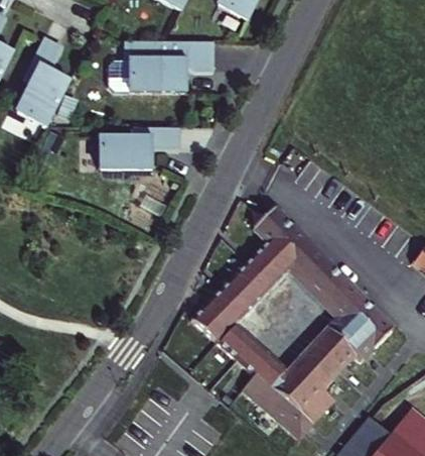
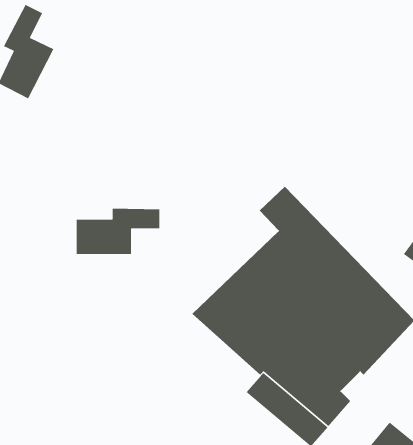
building: [125,41,215,92] -> none
building: [105,127,180,169] -> [76,208,160,255]

